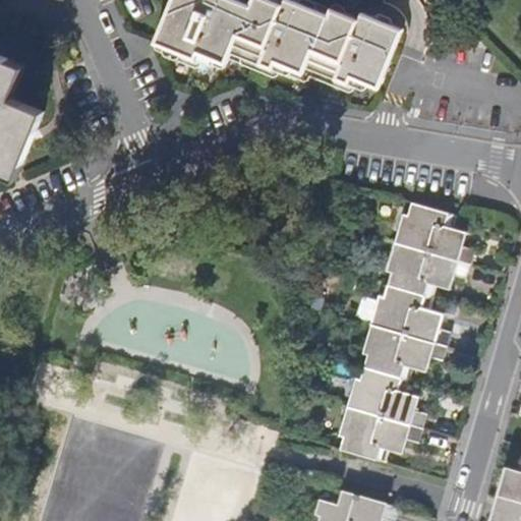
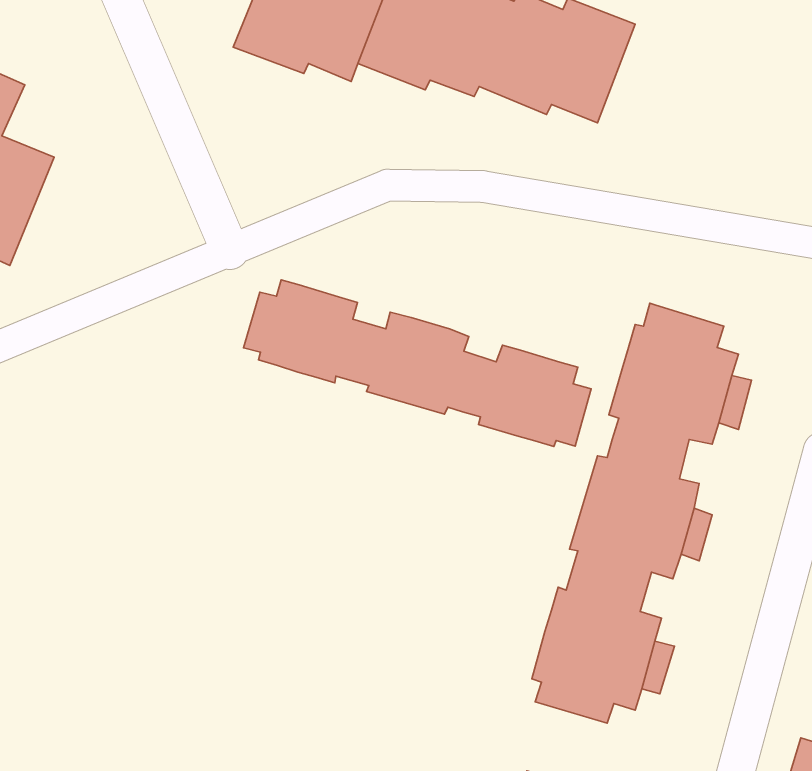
building: none -> [244,280,591,447]

